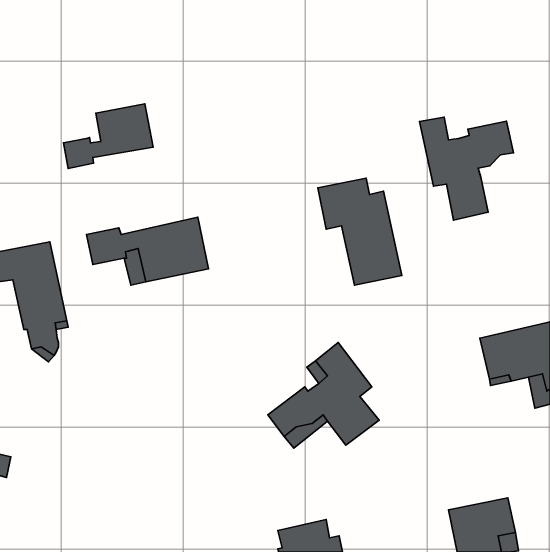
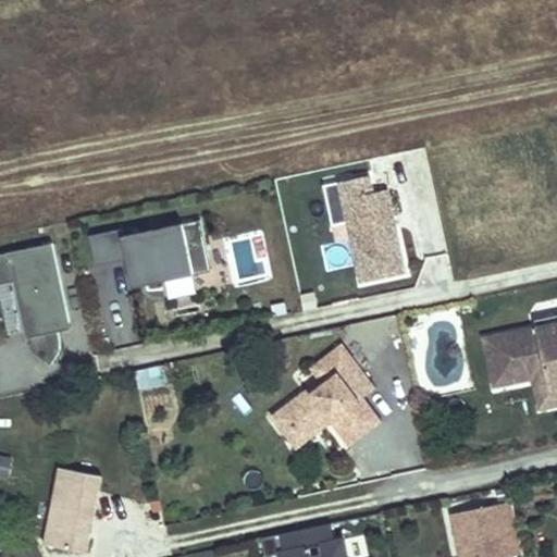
building: [63,104,153,168] -> none
building: [420,117,513,220] -> none
building: none -> [42,466,100,550]

